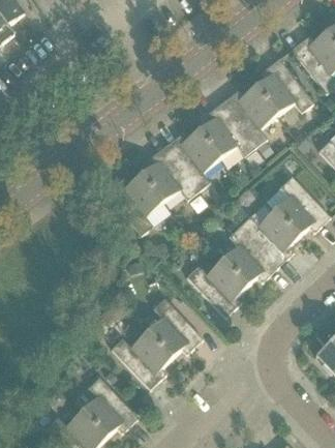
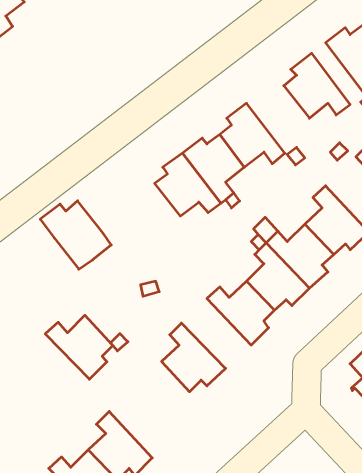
building: [221,86,277,146] -> none
building: [106,173,170,234] -> [40,201,111,269]
building: [111,331,171,388] -> [45,315,113,379]

